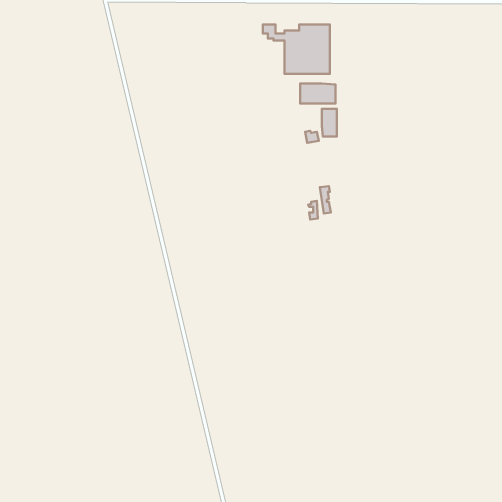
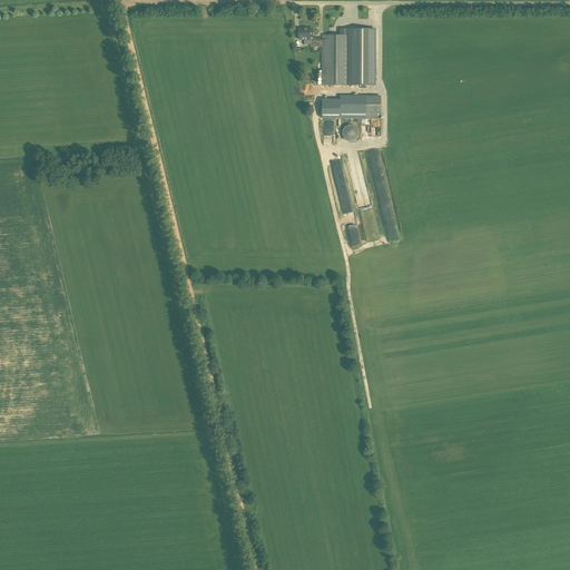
building: [322,109,337,136] -> none

